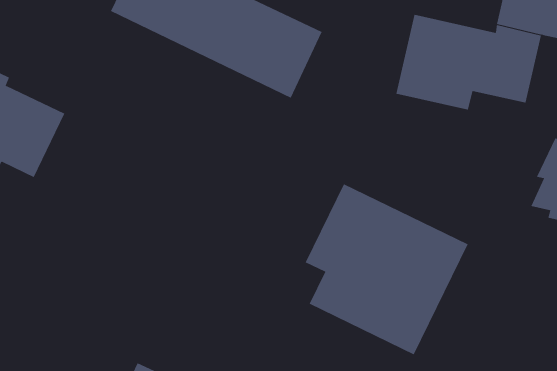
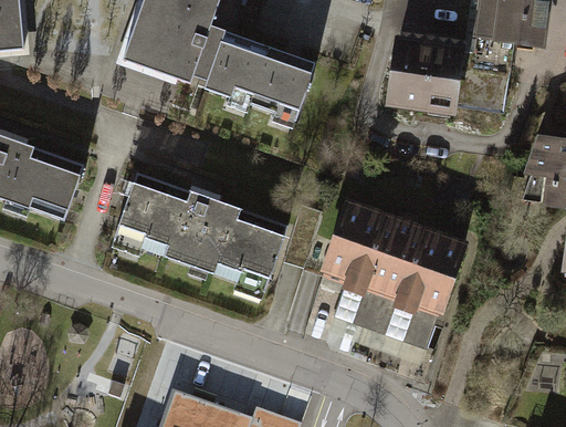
building: none -> [109,167,292,303]

